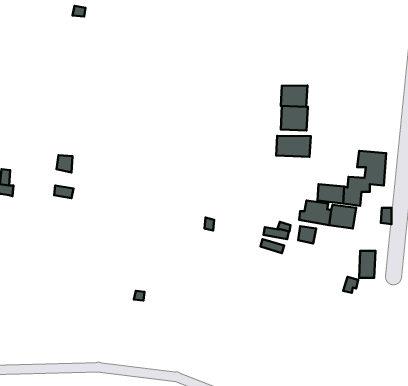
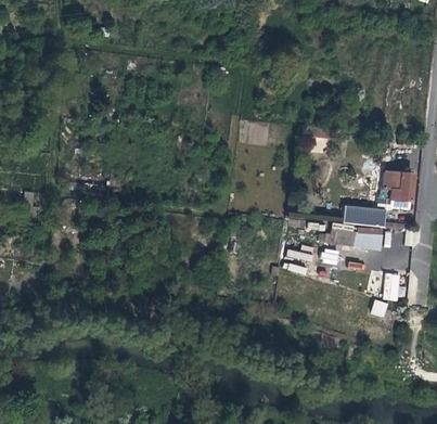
building: [281,85,307,107] -> none
building: [276,136,311,157] -> none

